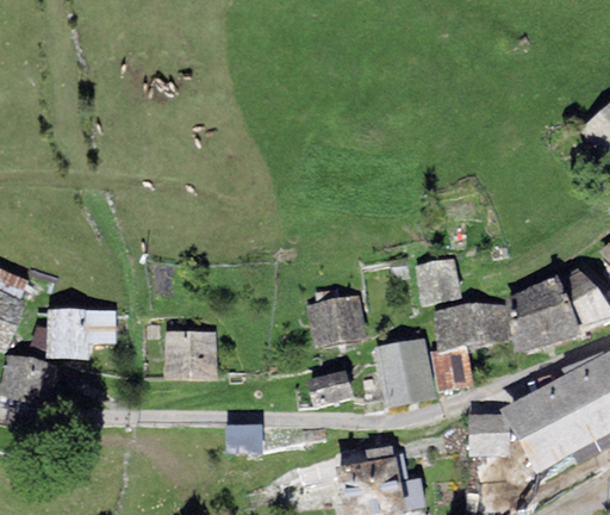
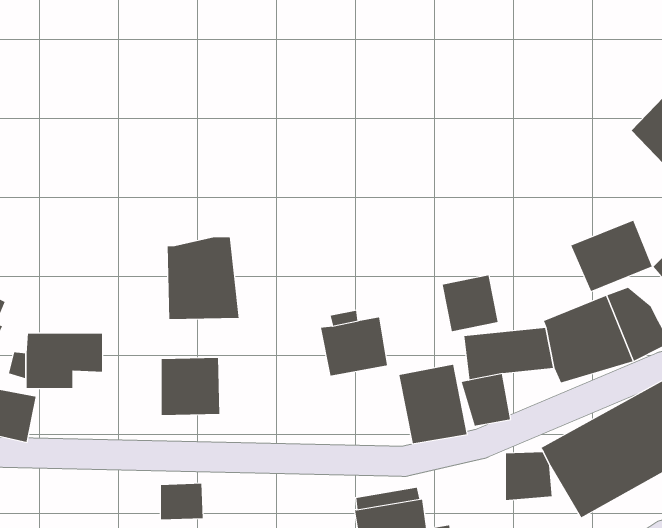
building: none -> [570,220,653,292]
building: none -> [167,236,239,320]
building: [306,371,354,405] -> none
building: [225,423,263,455] -> [160,483,203,520]

